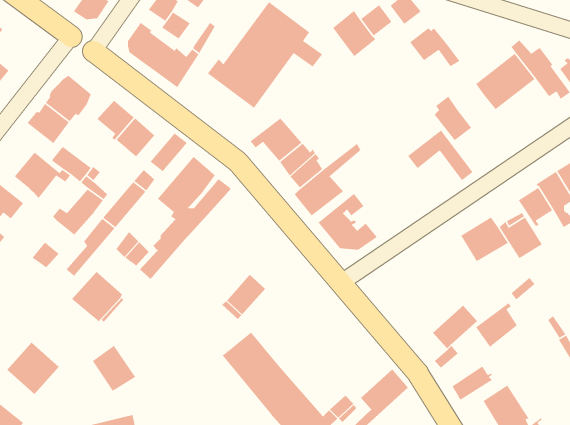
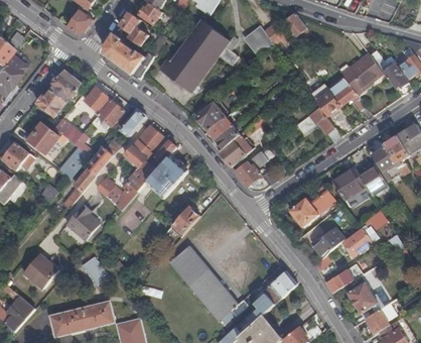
building: [409,27,461,67] -> [330,83,366,110]
building: none -> [146,155,187,197]
building: none -> [291,185,335,226]

